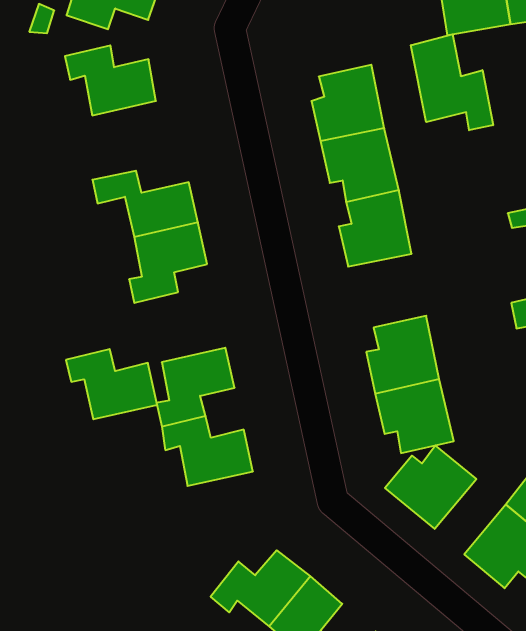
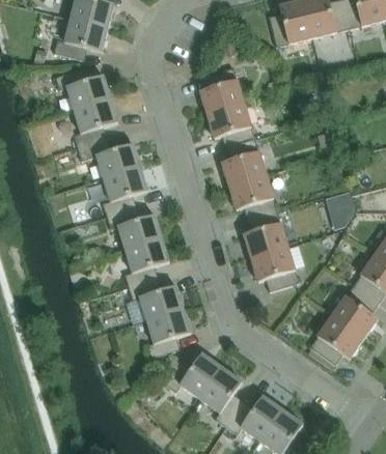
building: [411,34,493,130] -> none
building: none -> [72,98,116,147]
building: none -> [228,175,276,220]
building: [66,349,157,419] -> [106,208,161,250]
building: [385,445,476,529] -> none
building: none -> [145,309,190,359]

